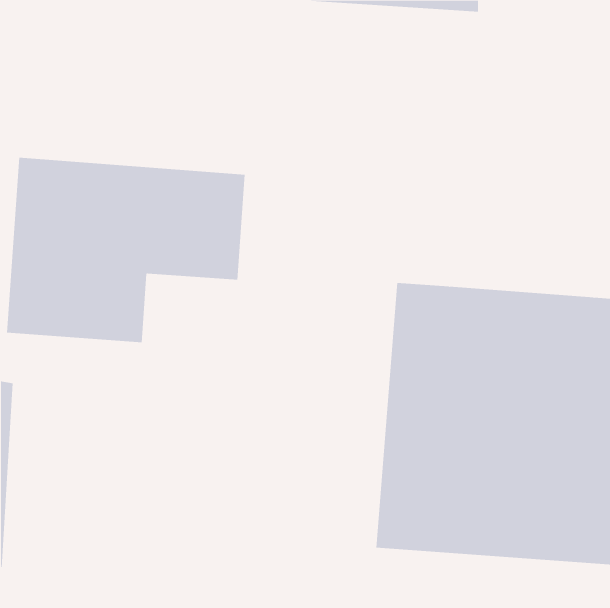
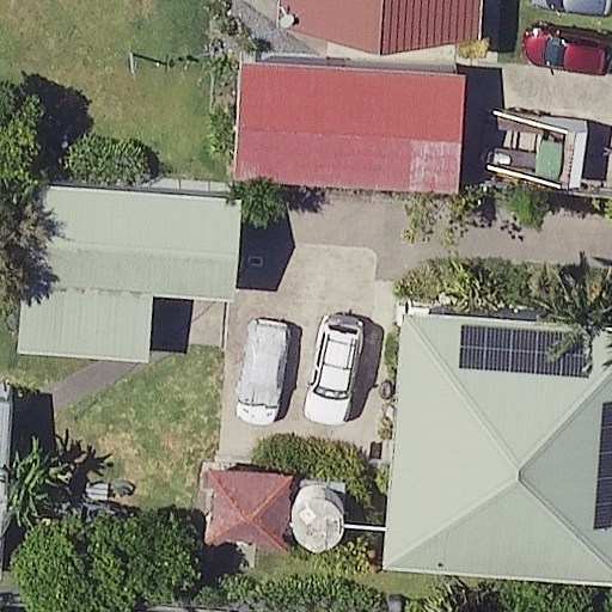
building: none -> [237,53,472,185]

